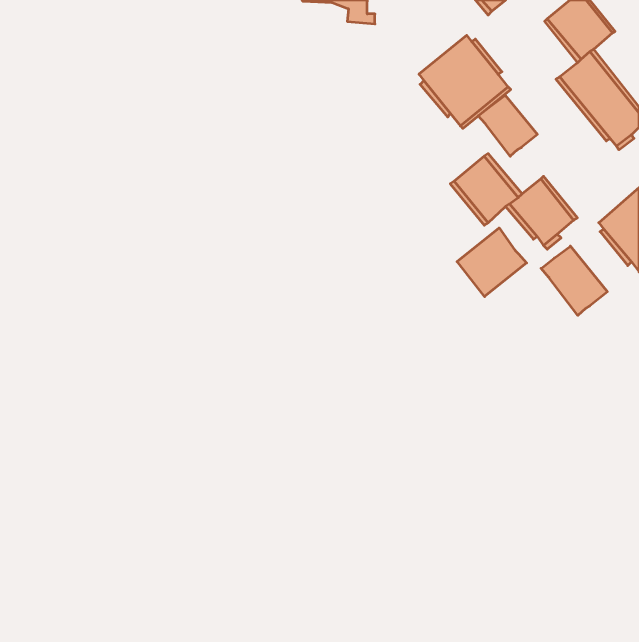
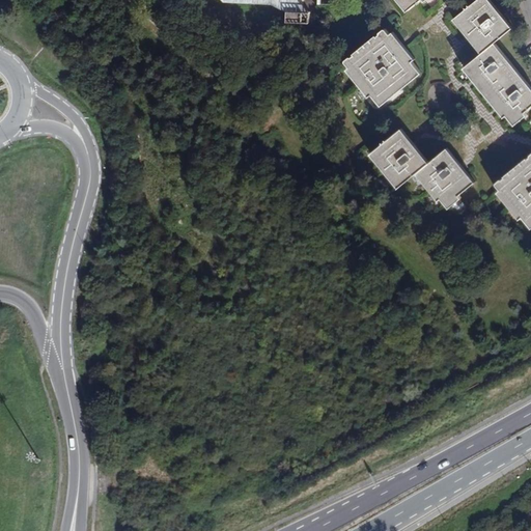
building: [478,95,537,156] -> none
building: [457,228,527,297] -> none
building: [541,246,607,315] -> none

